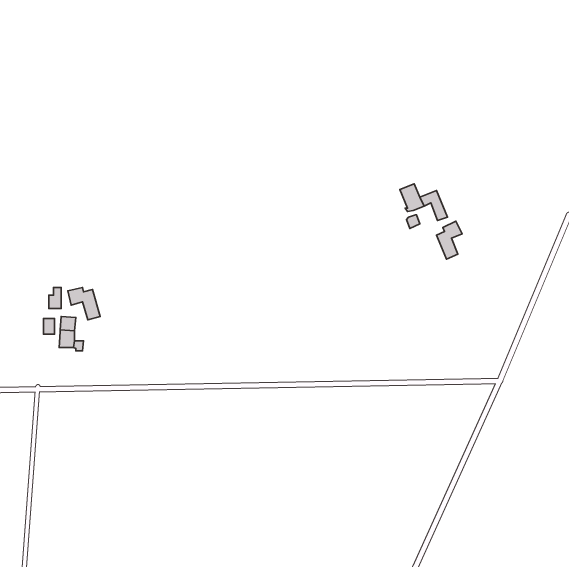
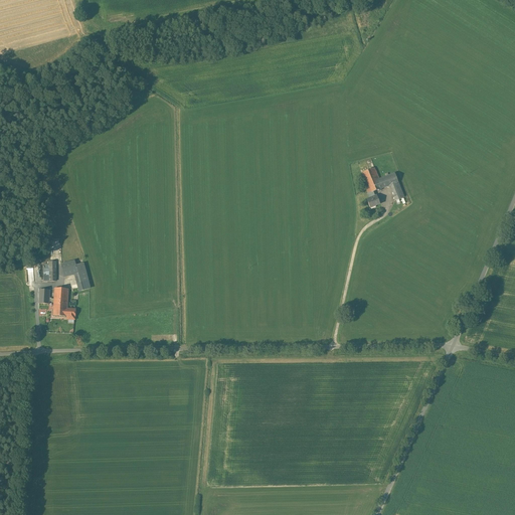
building: [436,221,462,259] -> none

